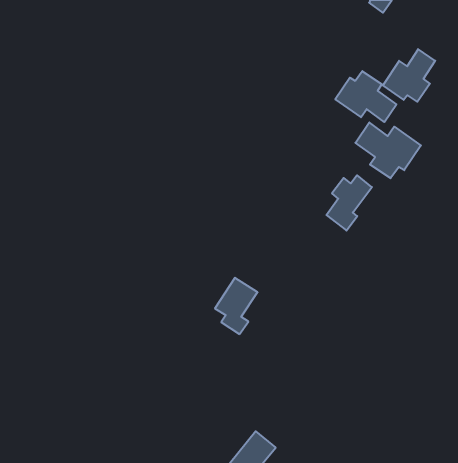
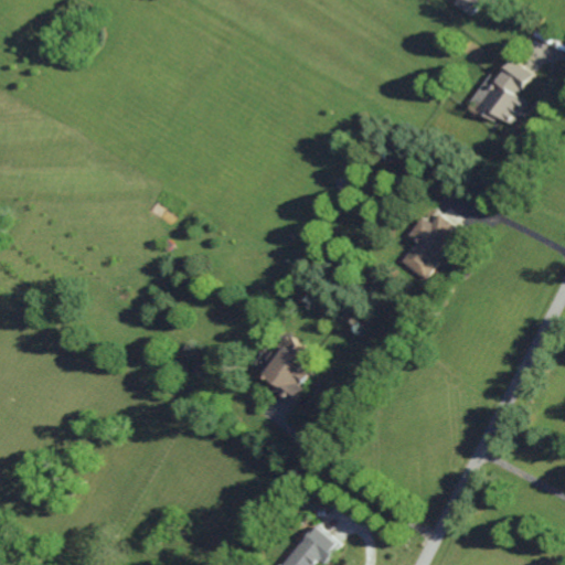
building: [335,71,396,122] -> none
building: [355,122,421,178] -> none

